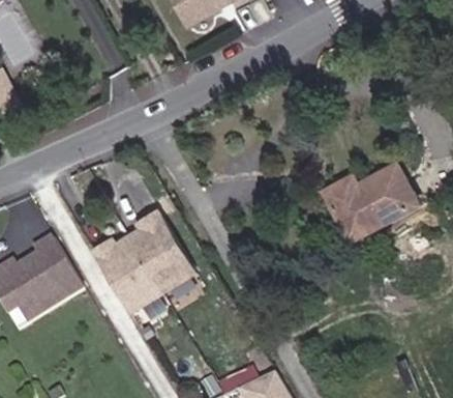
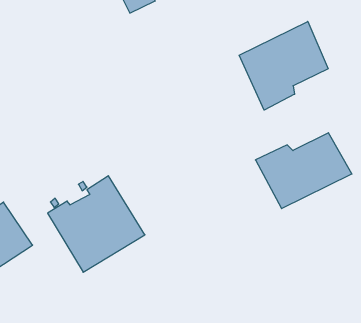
building: none -> [239,21,328,110]

